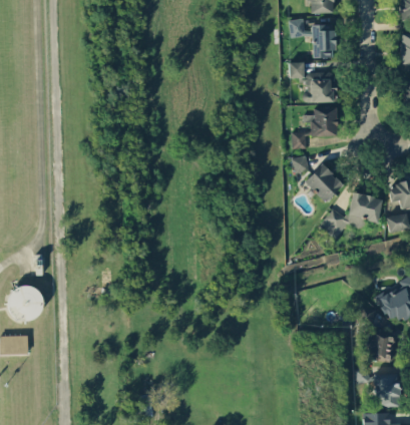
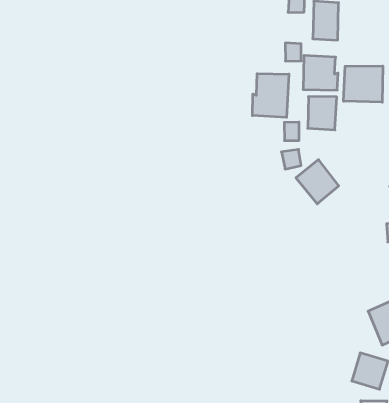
building: none -> [344,66,383,102]
building: none -> [252,74,289,117]
building: [324,192,383,235] -> none

